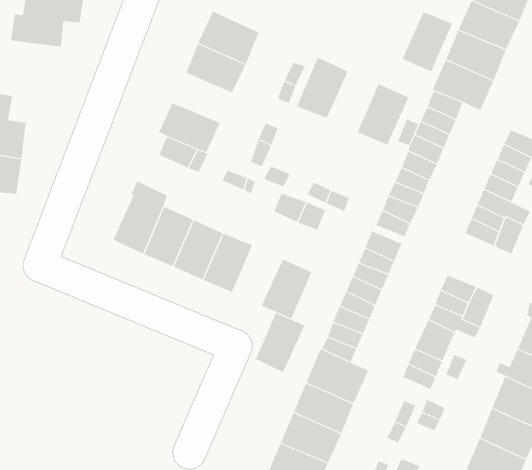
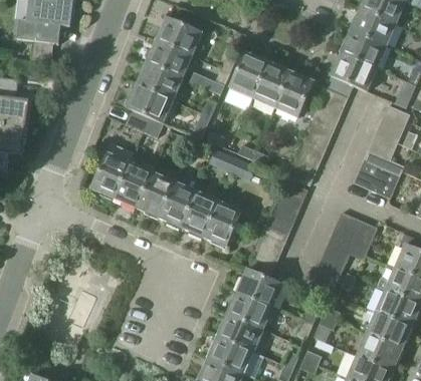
building: [402,12,453,72] -> [251,62,289,107]
building: none -> [136,63,181,100]
building: [255,312,305,373] -> [181,192,218,237]

